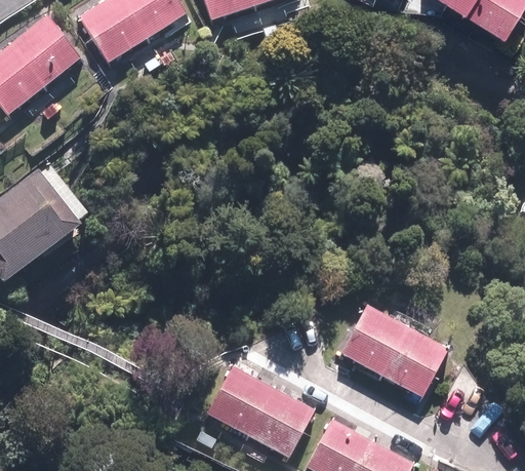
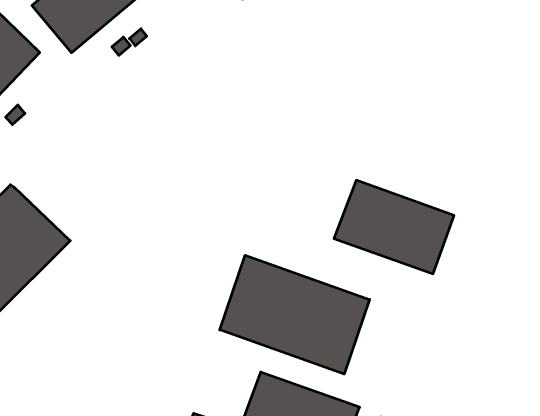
building: none -> [220,255,370,374]
building: [339,305,447,396] -> [334,180,454,274]

